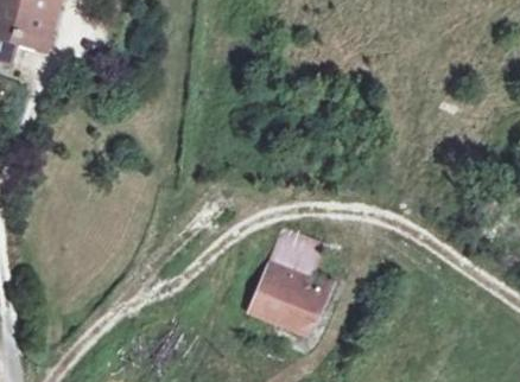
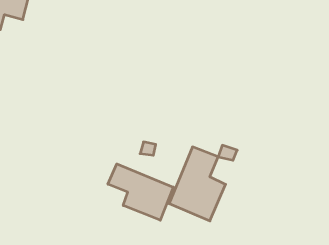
building: none -> [108,164,173,220]

